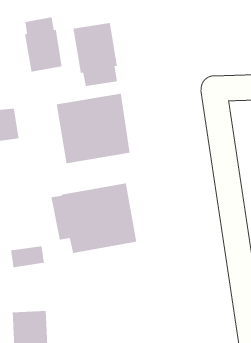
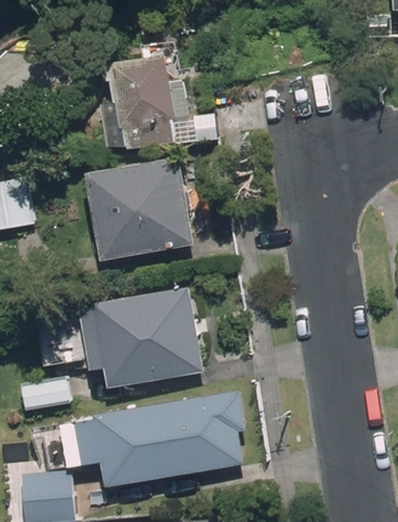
building: [24,17,63,73] -> none
building: none -> [58,393,246,485]

